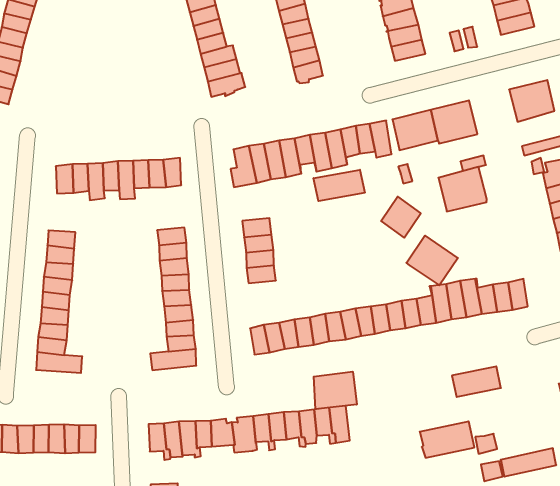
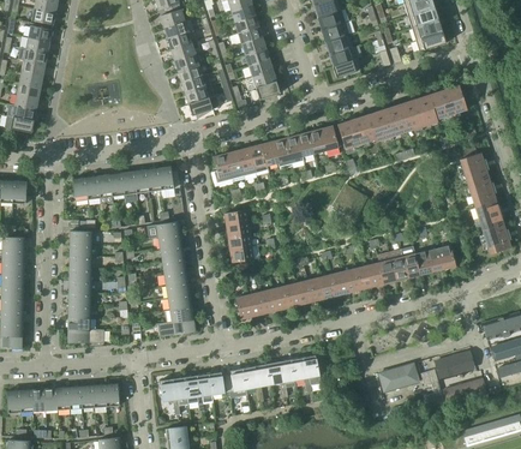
building: [438,167,487,211] -> [399,94,438,131]
building: [314,170,365,201] -> none
building: [406,236,458,285] -> none
building: [452,366,501,397] -> [436,351,475,377]
building: [314,372,357,409] -> none

